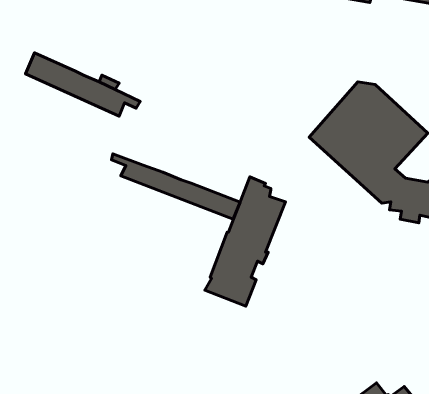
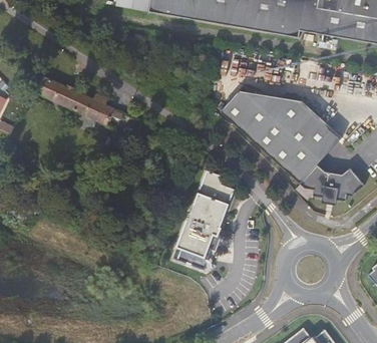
building: none -> [220,89,289,139]
building: [112,154,240,219] -> none

